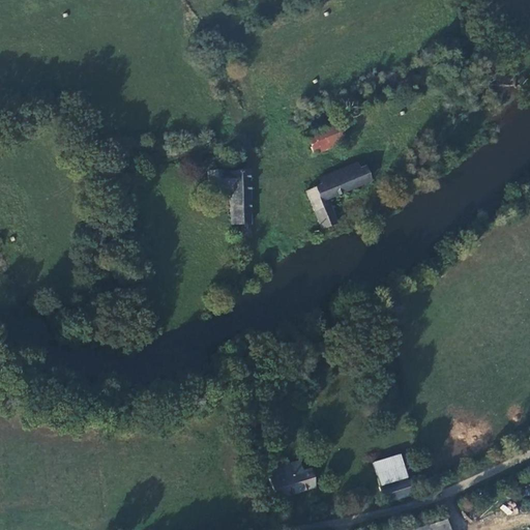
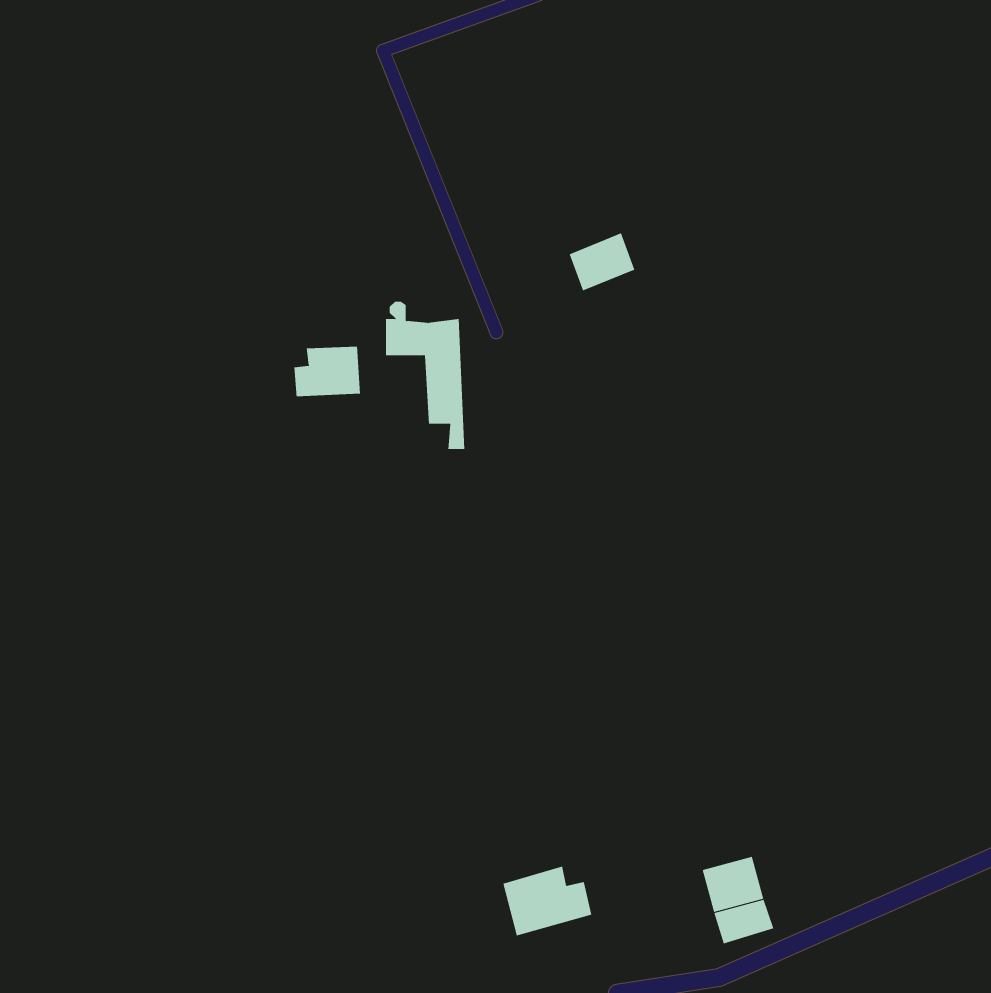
building: [304,167,372,226] -> none
building: none -> [294,346,361,397]

